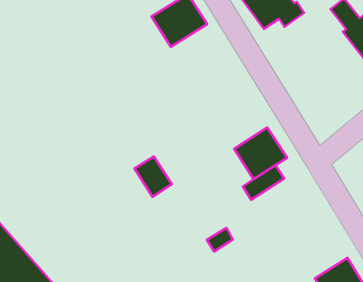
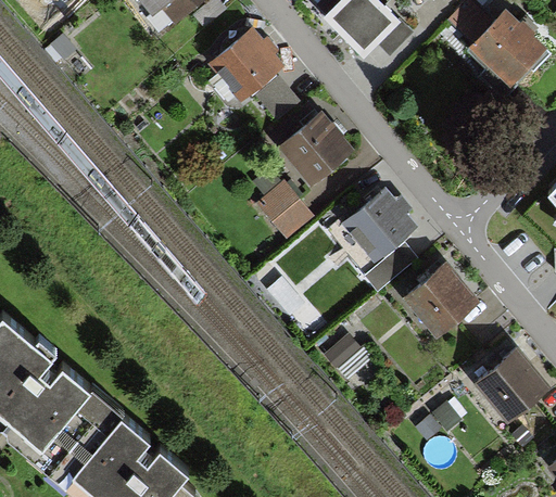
building: none -> [255,73,300,117]
building: none -> [279,118,342,180]
building: [135,157,172,197] -> [253,180,306,234]
building: none -> [403,260,480,336]

